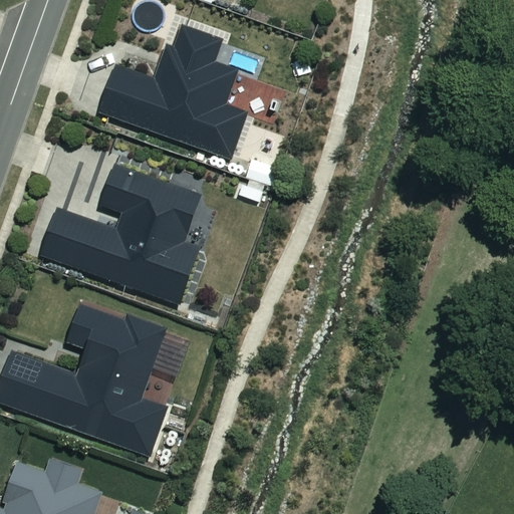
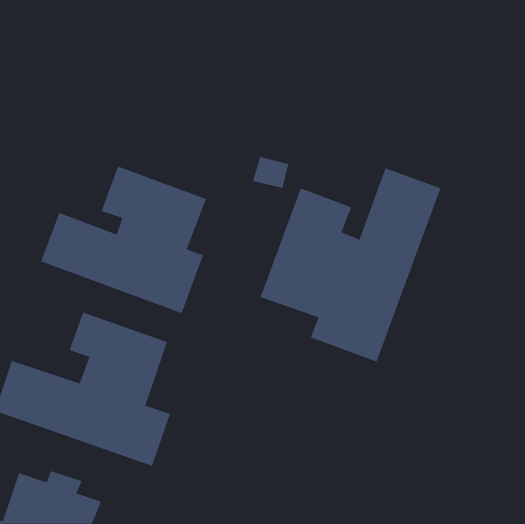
building: [100,21,247,158] -> none
building: none -> [260,168,441,363]

